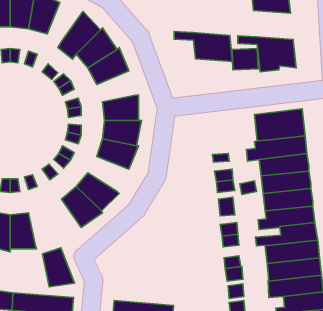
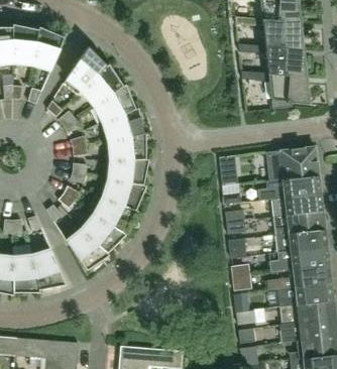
building: [174,31,233,62] -> [245,43,306,75]
building: none -> [102,106,142,139]
building: none -> [93,196,138,232]
building: [42,248,75,287] -> [31,248,65,288]

